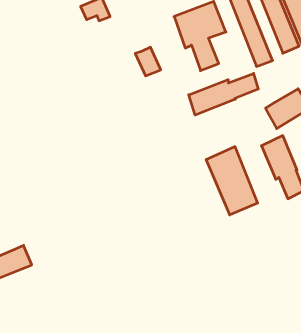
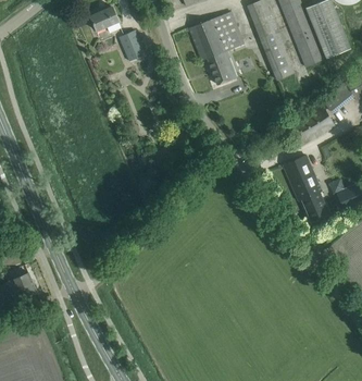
building: [135,47,161,76] -> [117,30,145,61]
building: [189,73,258,115] -> none
building: [206,147,258,215] -> none

